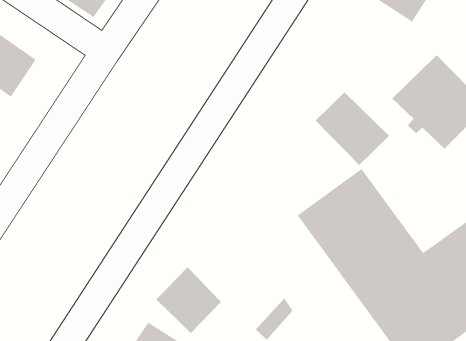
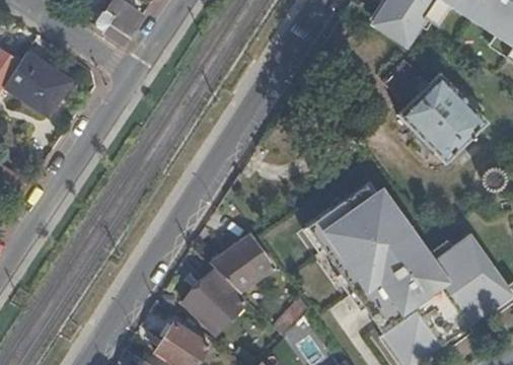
building: [315,92,390,166] -> none
building: none -> [208,231,275,290]

